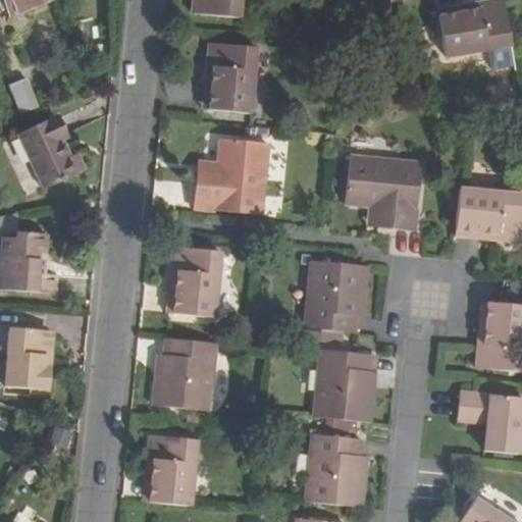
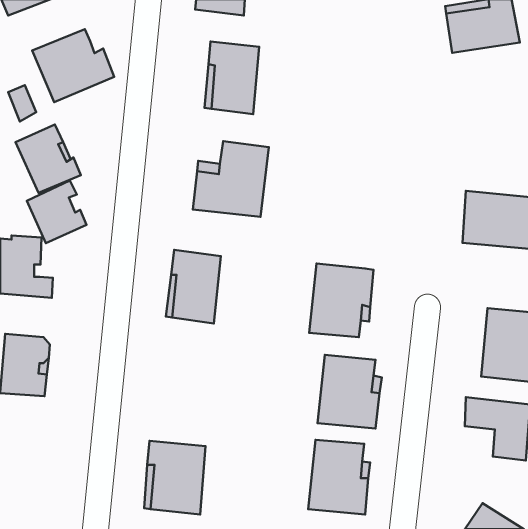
building: none -> [32,29,114,102]
building: [346,155,423,232] -> none
building: none -> [27,180,87,243]
building: [154,336,214,409] -> none

